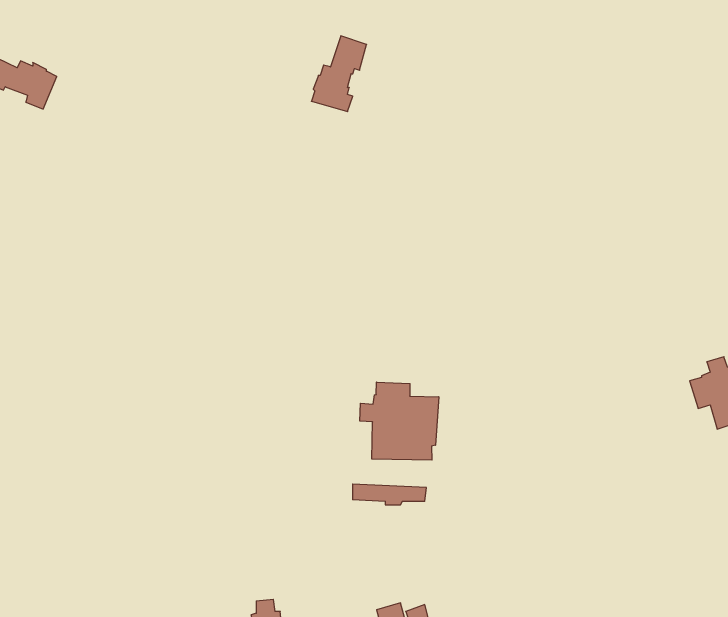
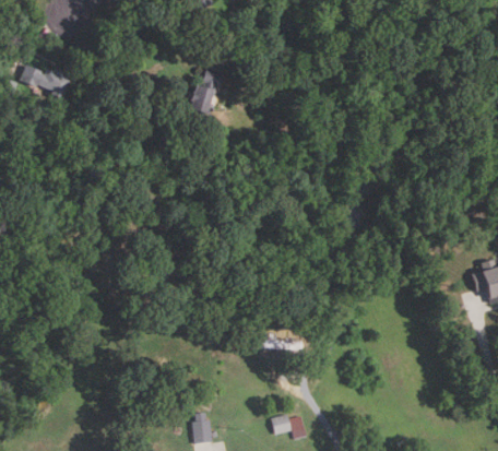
building: [311,36,367,112] -> [188,68,223,116]
building: [360,382,439,460] -> none

